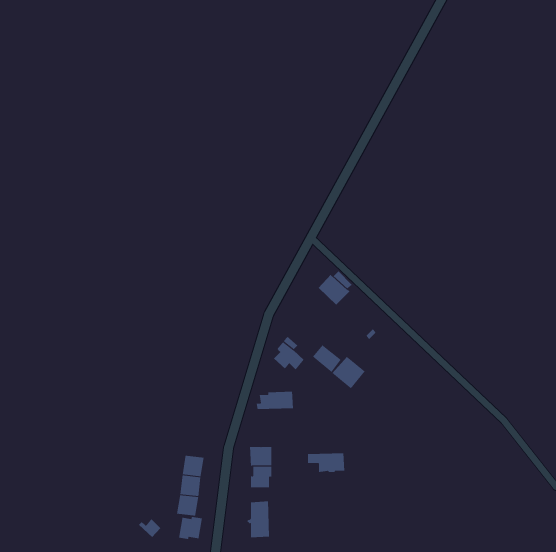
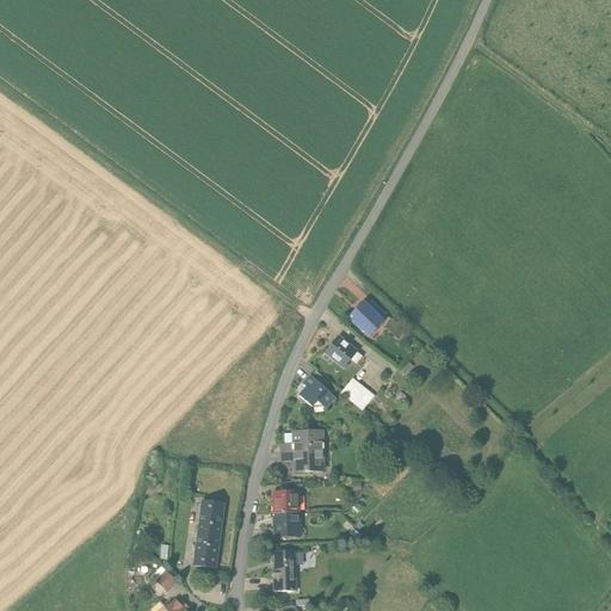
building: none -> [325,333,357,364]
building: [331,356,366,389] -> none
building: [307,453,345,472] -> [282,449,323,470]
building: [179,516,202,540] -> none

